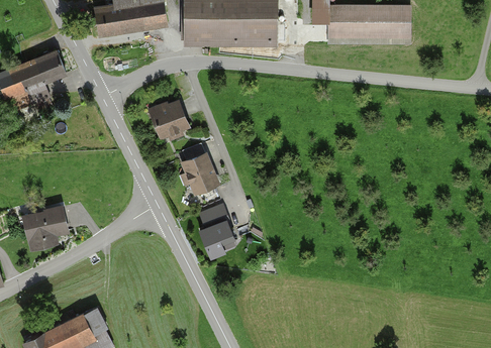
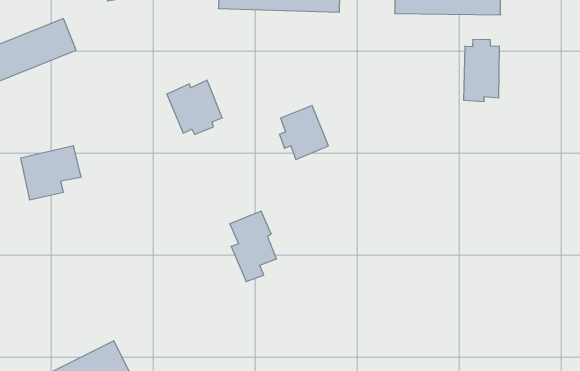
building: none -> [464,39,499,102]
building: [177,152,216,196] -> [279,105,328,160]
building: [24,207,73,250] -> [21,146,81,200]

